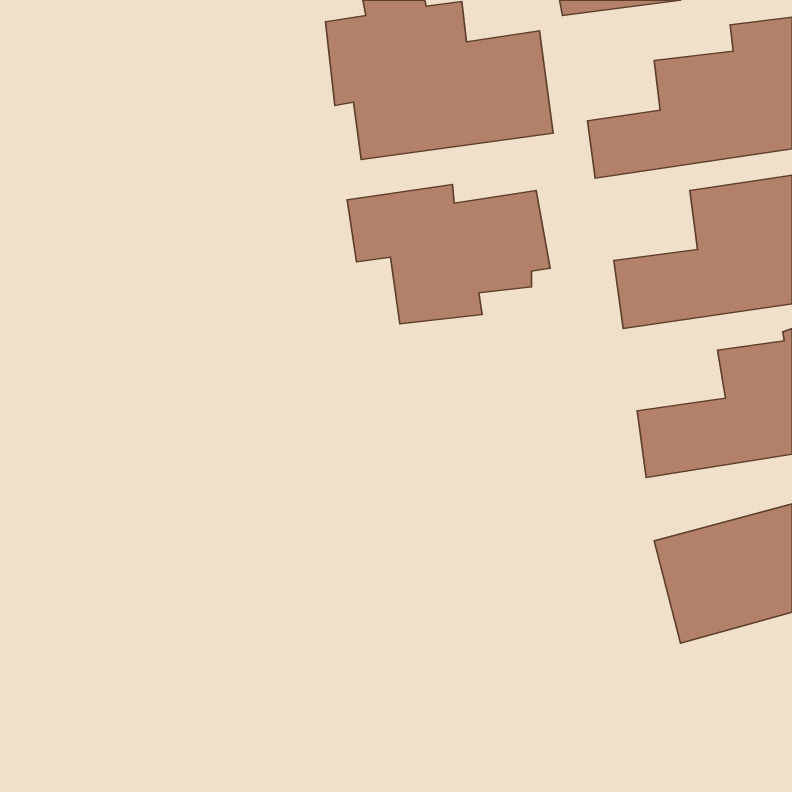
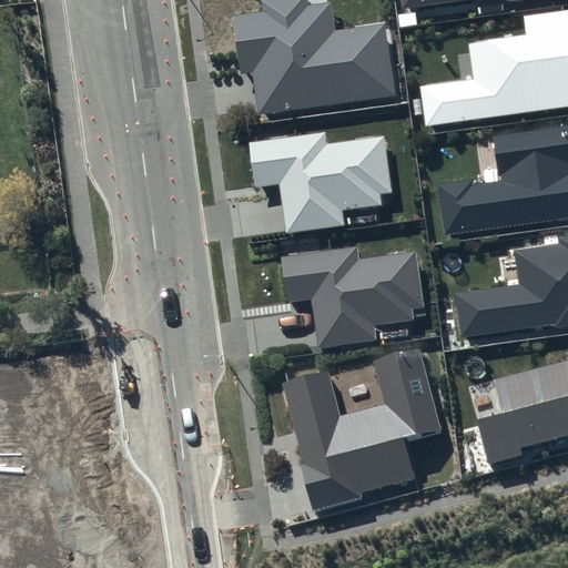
building: none -> [281,246,424,347]
building: none -> [280,347,443,510]

